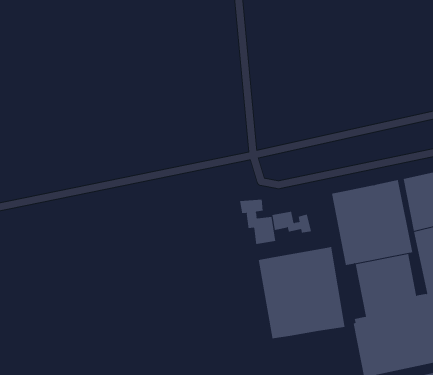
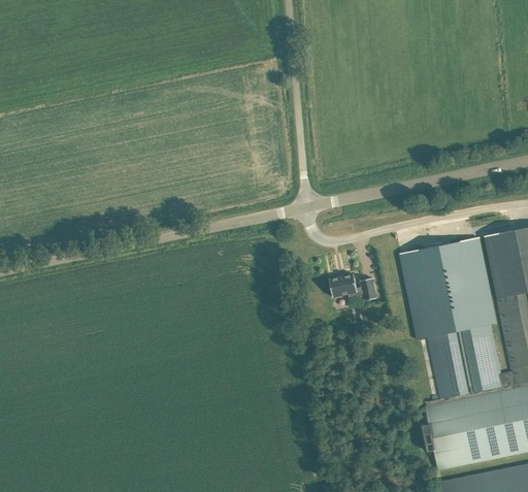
building: [240,199,276,245] -> none
building: [258,246,345,339] -> none

